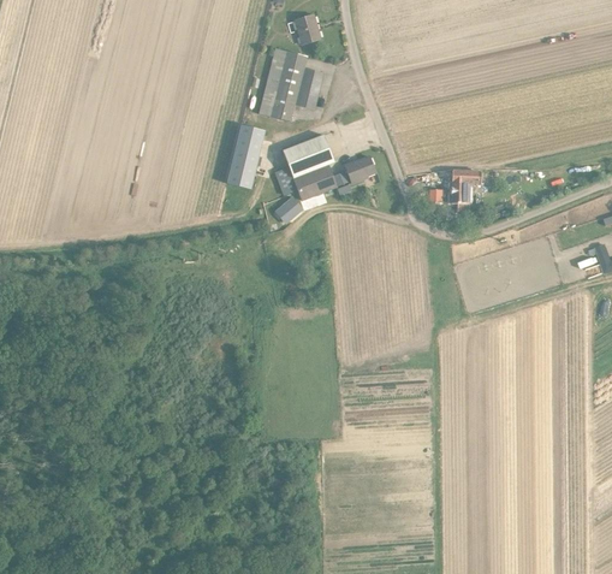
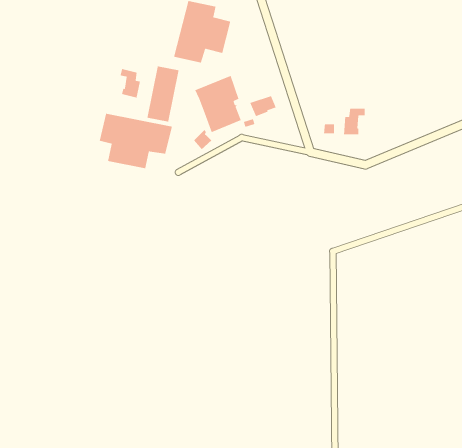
building: none -> [119,68,141,98]
building: none -> [99,113,173,169]

